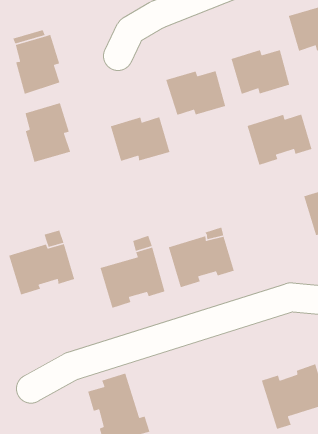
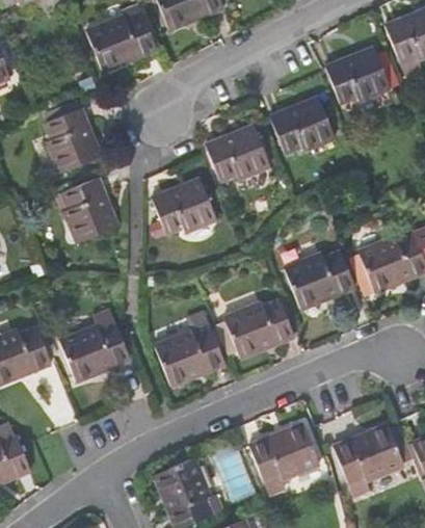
building: [246,113,313,166] -> [285,250,355,309]
building: none -> [248,423,320,494]

